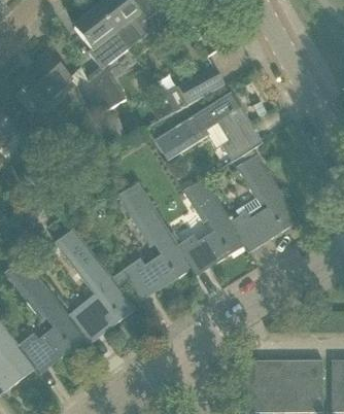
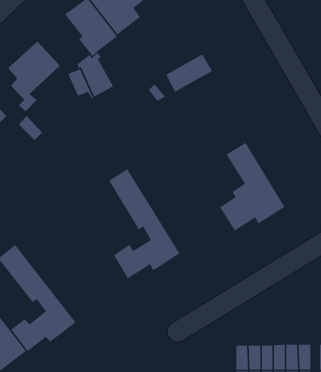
building: [156,92,256,160] -> none
building: [177,177,246,269] -> none
building: [57,228,135,337] -> none

